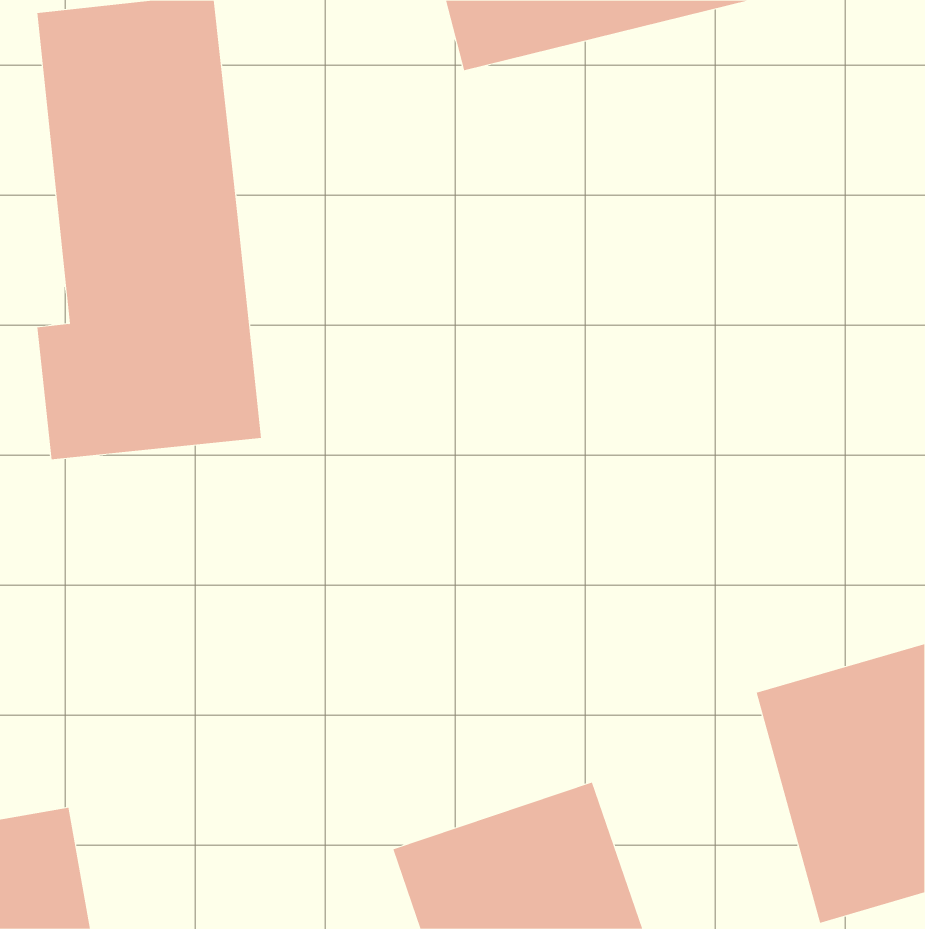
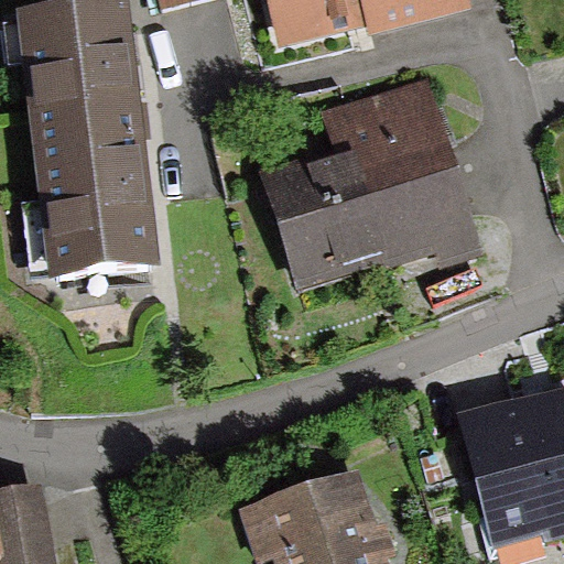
building: none -> [269,85,475,268]

